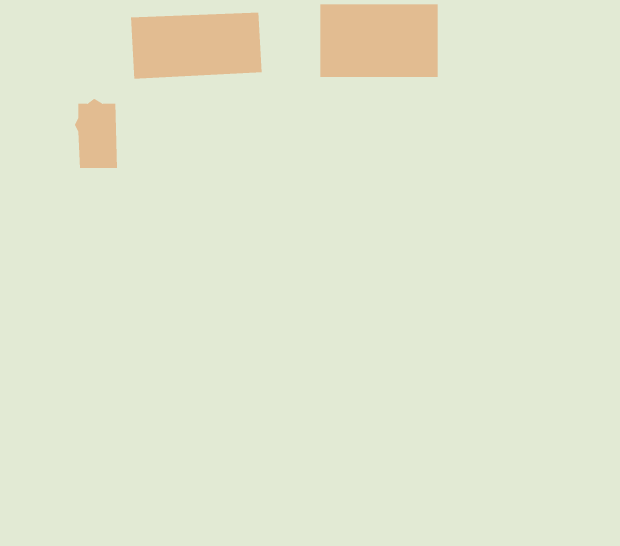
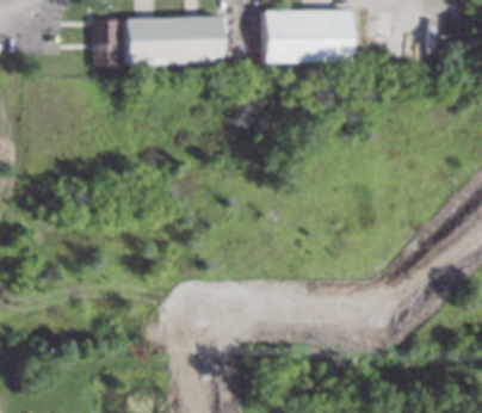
building: [74,98,118,169] -> [89,16,120,66]

